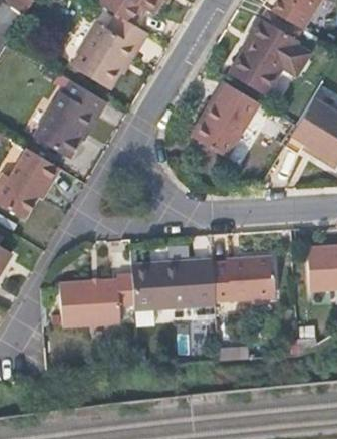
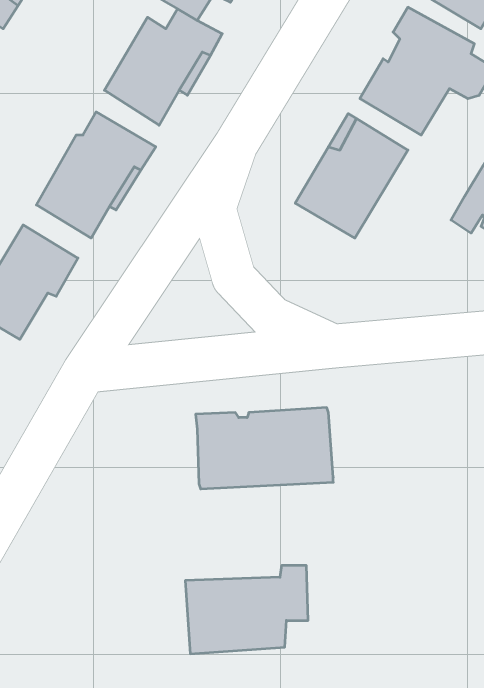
building: [211,254,273,300] -> none
building: [58,271,132,324] -> [185,566,308,654]

